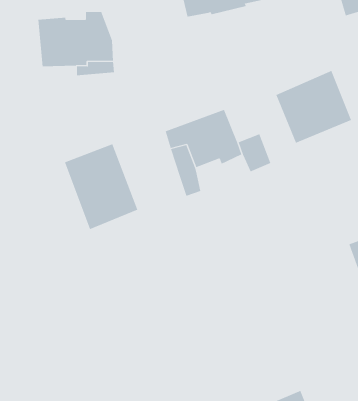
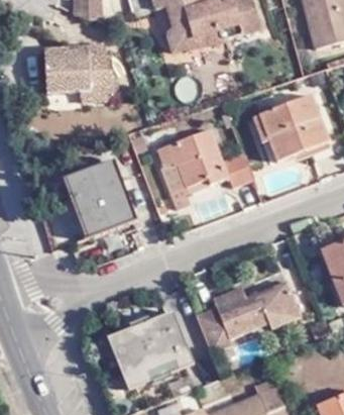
building: none -> [199,285,304,356]
building: none -> [111,312,185,387]

